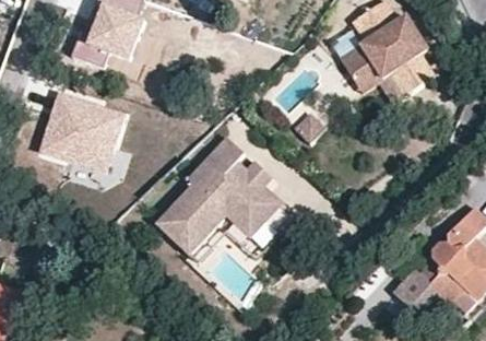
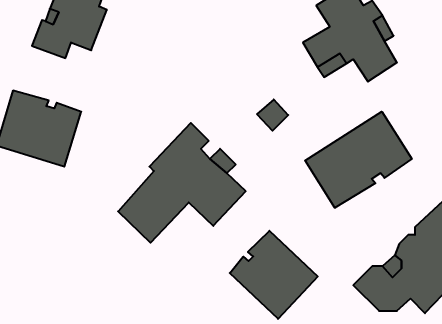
building: none -> [305,112,412,208]
building: none -> [230,231,318,319]

